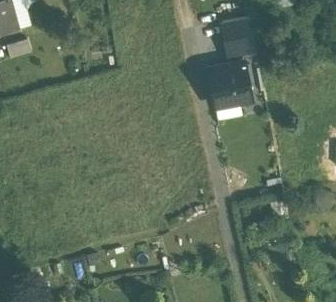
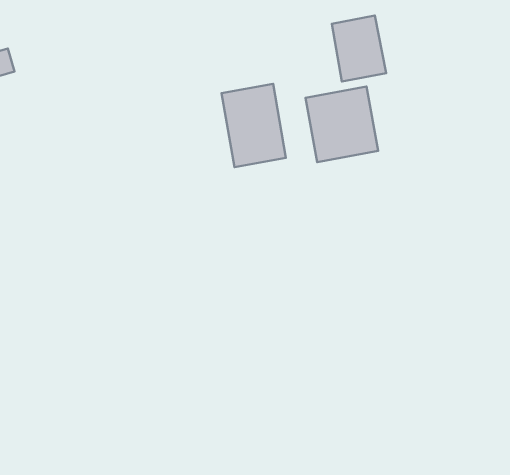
building: none -> [222,84,286,167]

